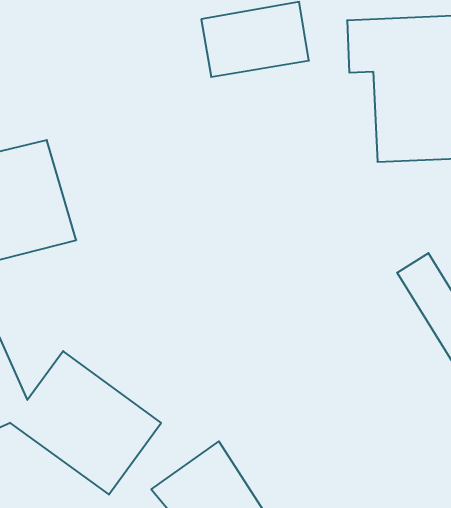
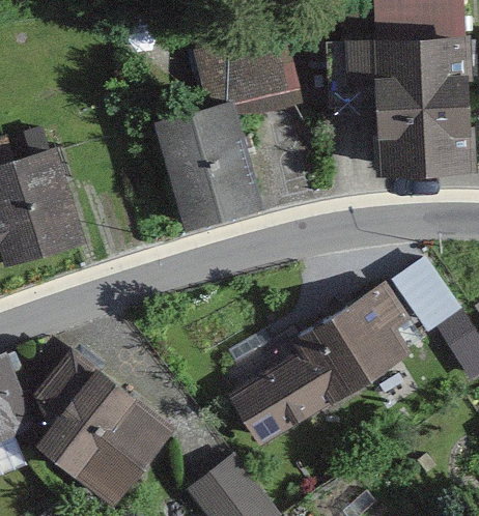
building: none -> [146,106,259,233]
building: none -> [218,287,417,461]

